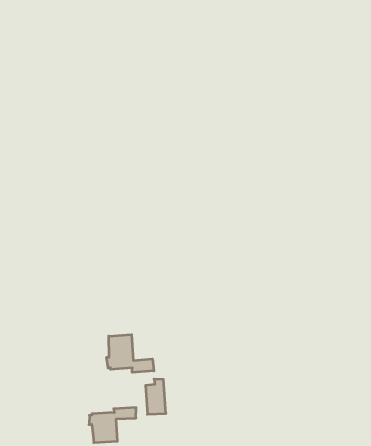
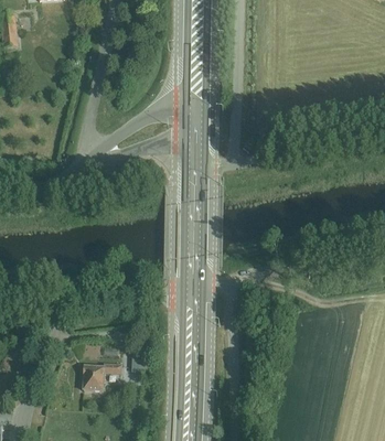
building: [107,335,154,372] -> none

